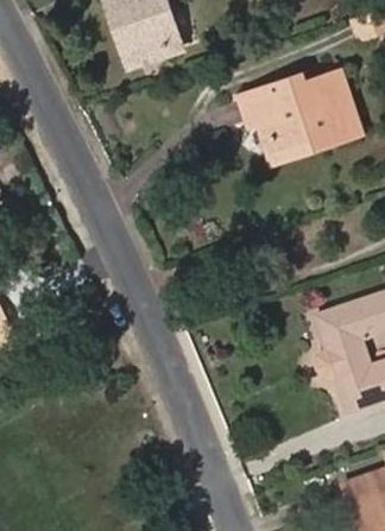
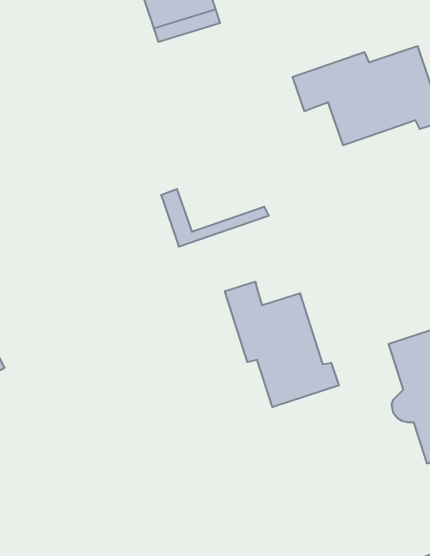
building: [253,118,340,164] -> [161,189,269,247]
building: none -> [225,282,339,407]

